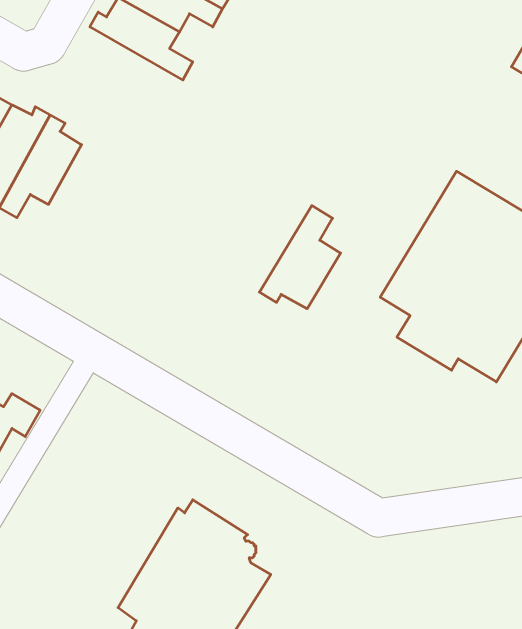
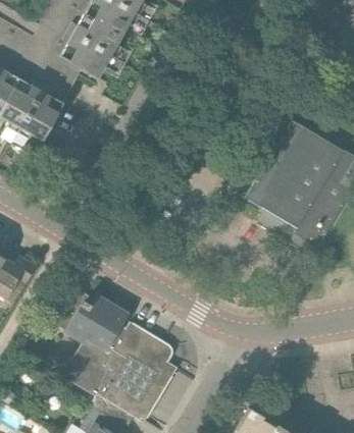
building: none -> [61,31,125,76]
building: [259,206,341,309] -> none
building: none -> [55,287,130,387]

